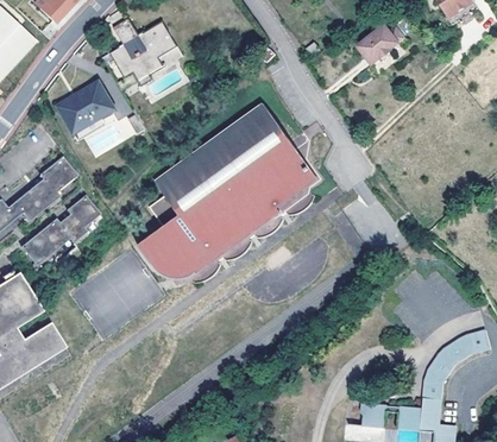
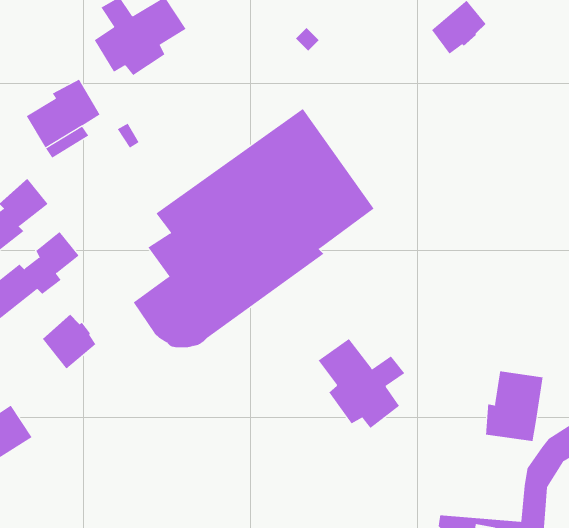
building: none -> [42,314,96,369]
building: none -> [318,338,405,429]
building: none -> [485,371,543,442]

